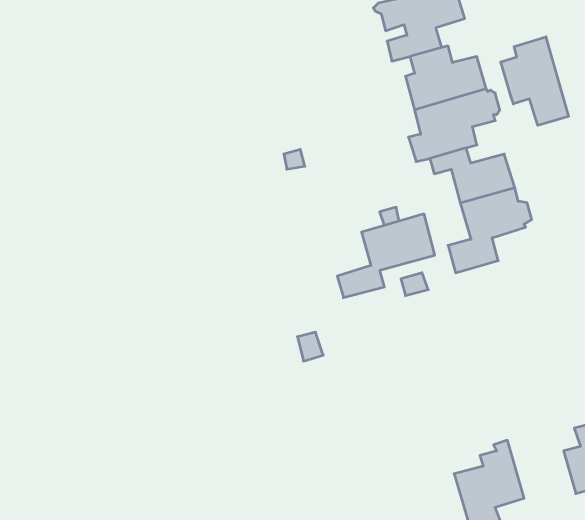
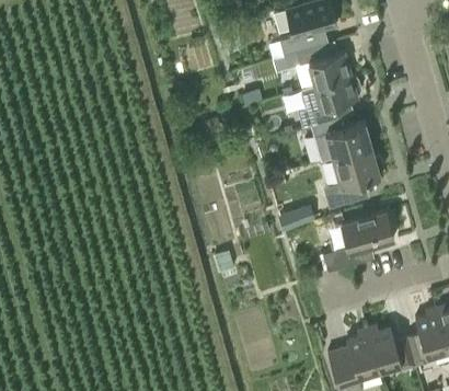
building: [501,37,569,125] -> none
building: [337,214,435,298] -> [324,210,394,271]
building: none -> [367,325,416,371]

